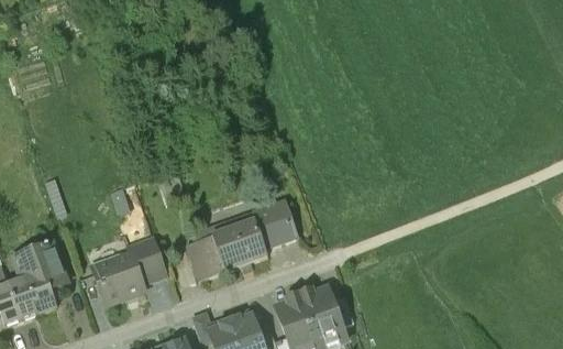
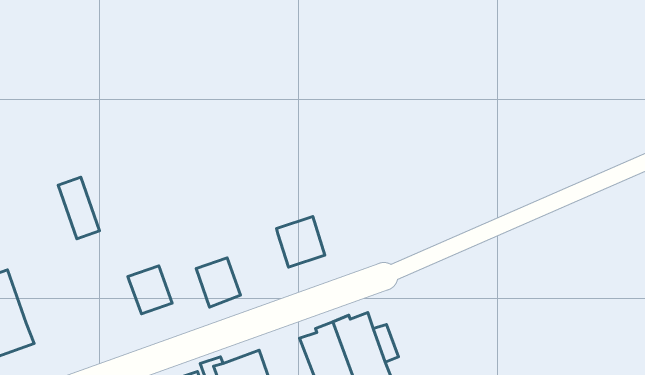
building: [211,218,268,271] -> none
building: [33,241,67,292] -> [58,177,100,239]
building: [92,257,145,306] -> none

